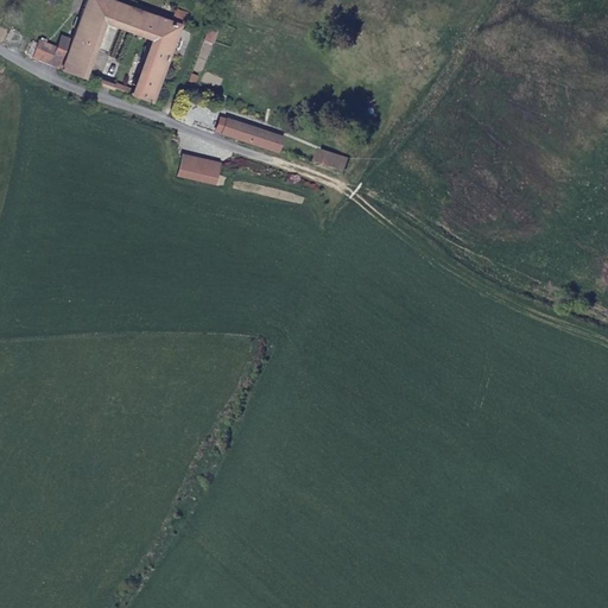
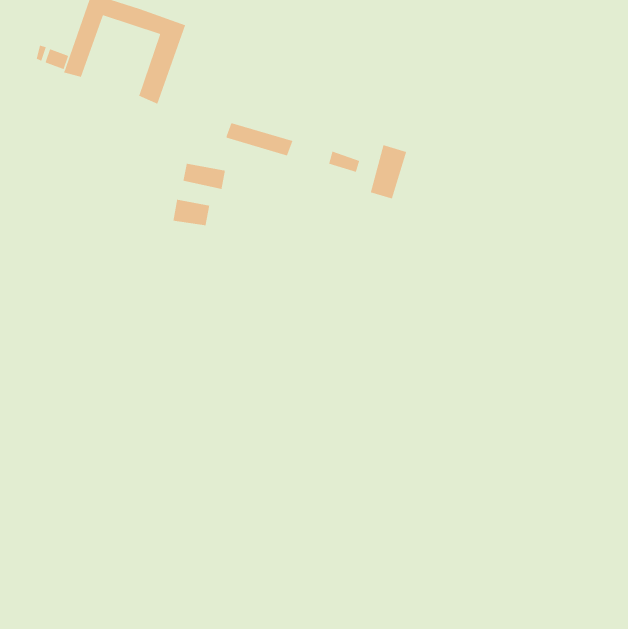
building: none -> [370,144,407,199]
building: none -> [172,199,210,226]

